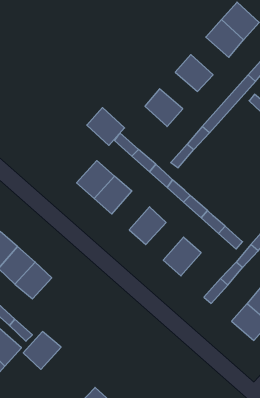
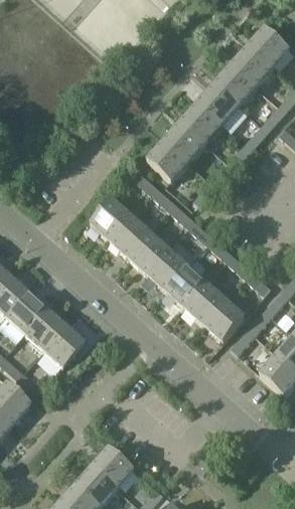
building: none -> [215,64,257,106]
building: none -> [181,103,223,143]
building: [87,108,125,145] -> [148,140,189,181]
building: none -> [129,232,170,275]
building: none -> [166,267,213,308]
building: none -> [204,300,246,342]
building: [23,332,61,369] -> [42,327,84,368]

